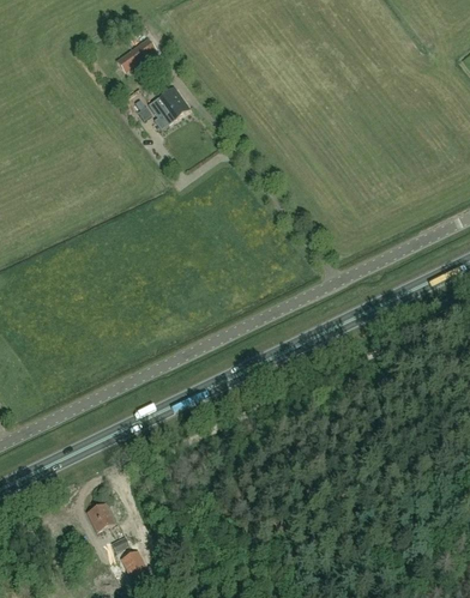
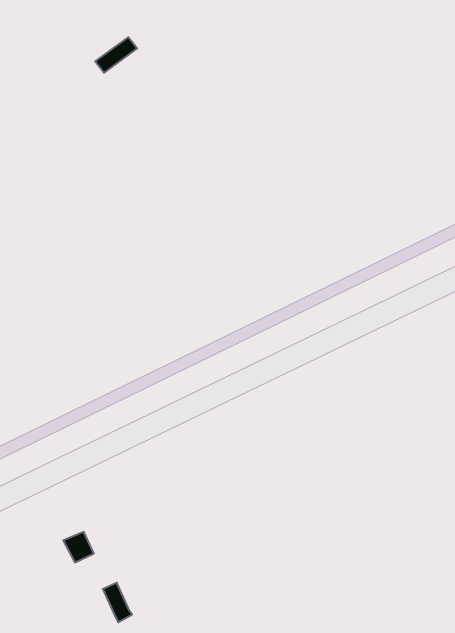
building: [155,85,189,128] -> none

